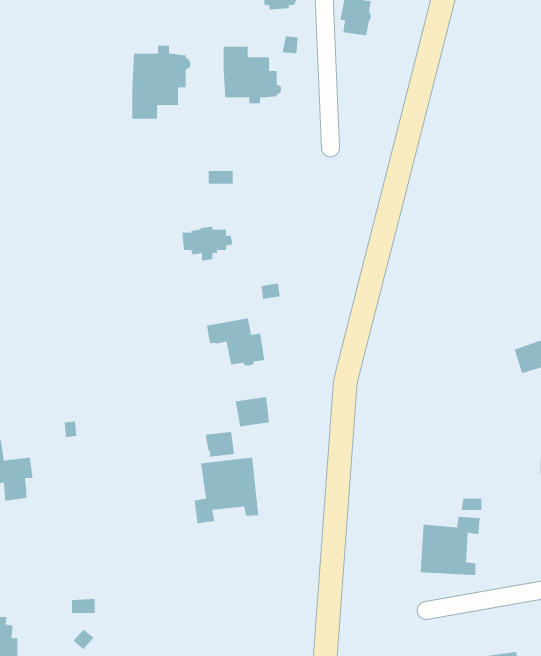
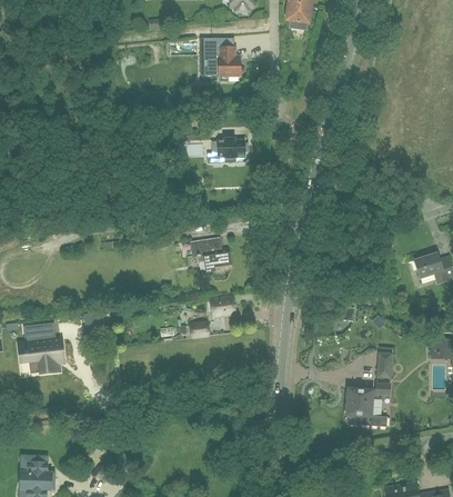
building: [132,45,191,120] -> none
building: [181,226,233,261] -> [211,136,249,161]
building: [194,457,259,524] -> none

